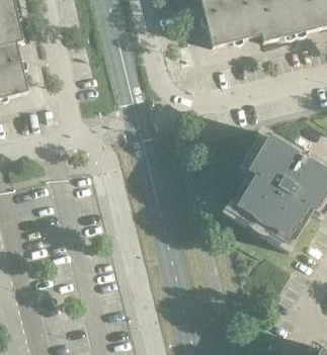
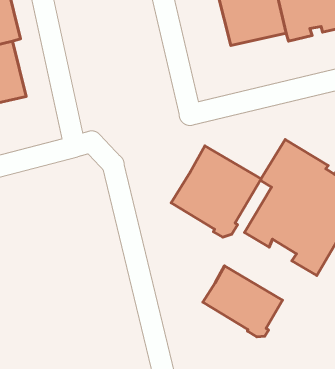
building: none -> [171,146,261,237]
building: none -> [203,266,282,337]

